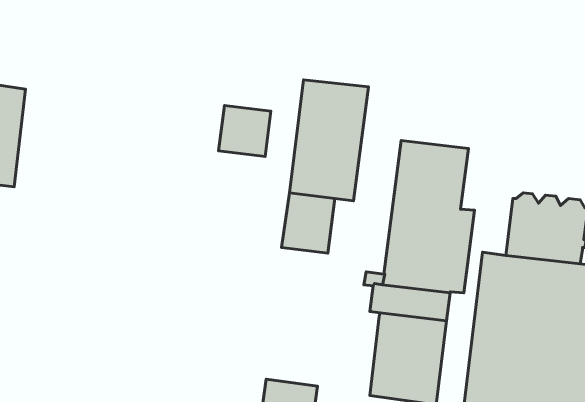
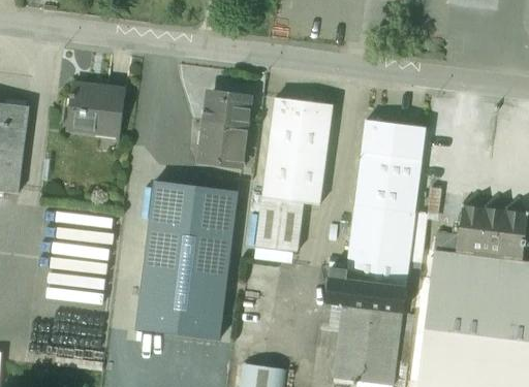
building: none -> [66,83,125,132]
building: none -> [205,95,249,125]
building: none -> [362,115,426,158]
building: none -> [137,181,237,340]

